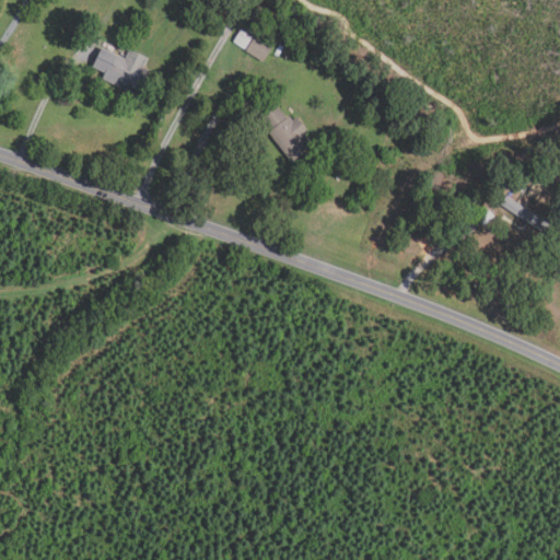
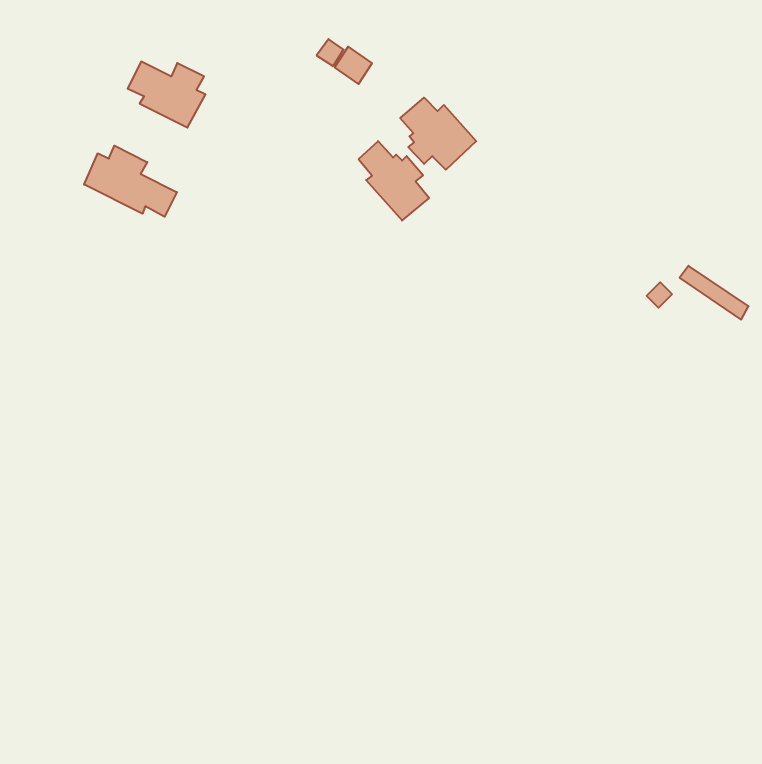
building: none -> [400,98,476,170]
building: none -> [84,146,177,217]

